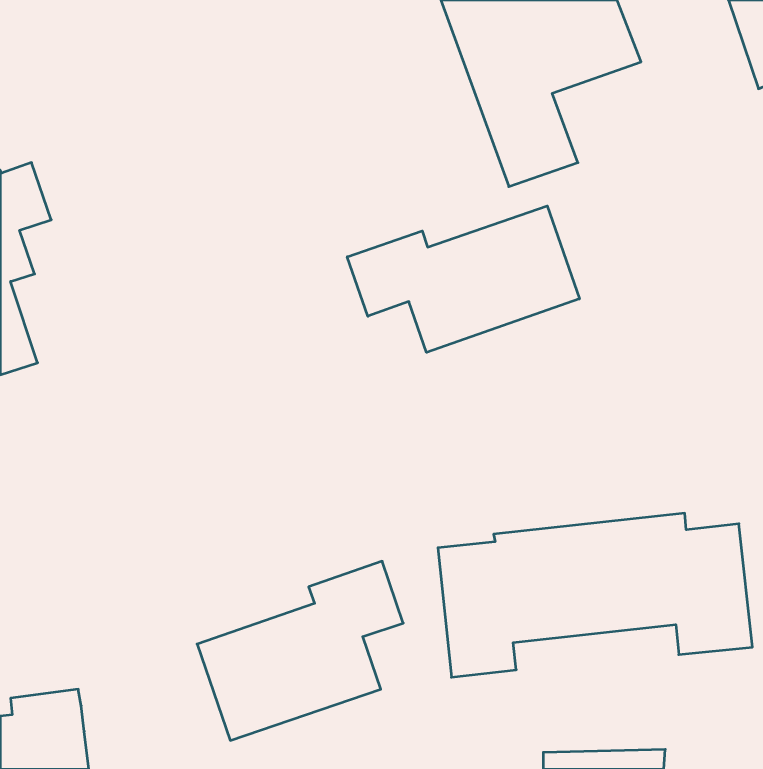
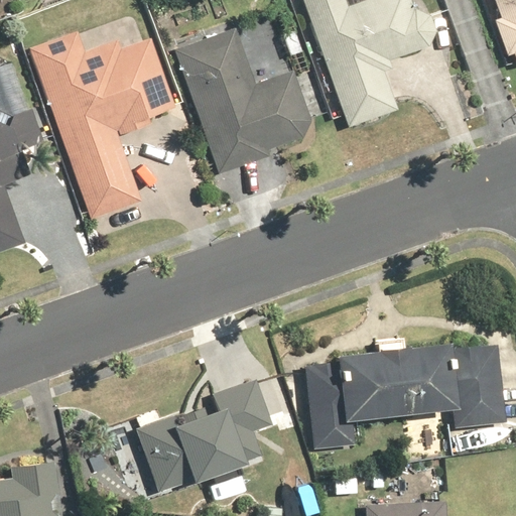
building: none -> [171,19,310,169]
building: none -> [27,24,173,218]
building: [347,206,579,352] -> none

